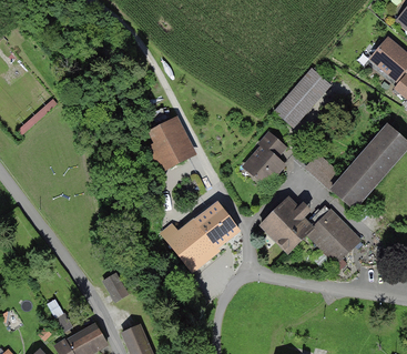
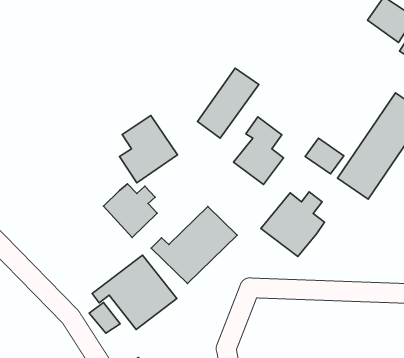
building: [274,68,330,127] -> [198,68,259,138]
building: none -> [104,184,157,238]
building: [306,211,359,264] -> none
building: none -> [92,255,177,329]

